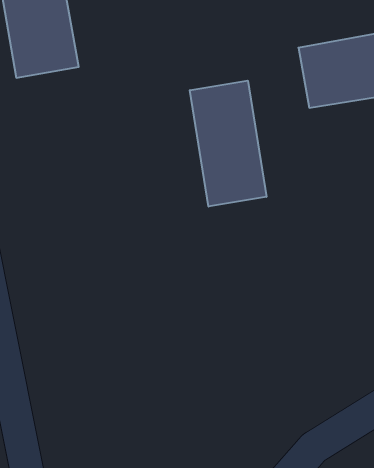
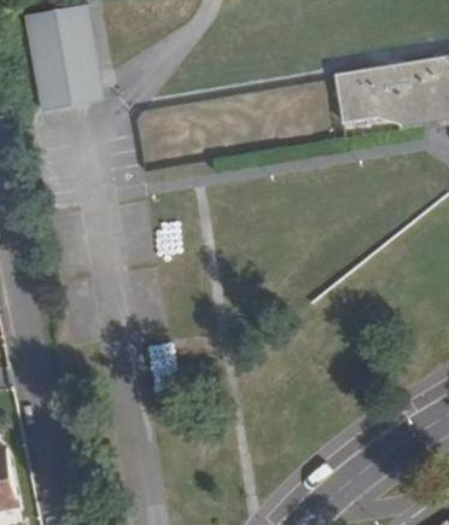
building: [190,81,266,207] -> none

